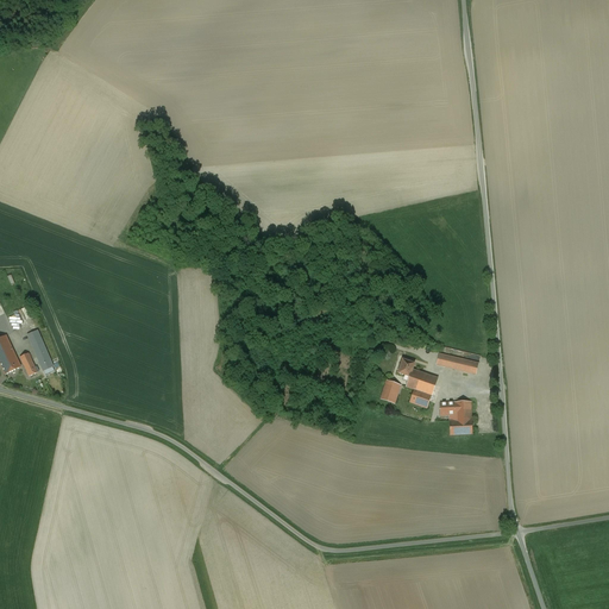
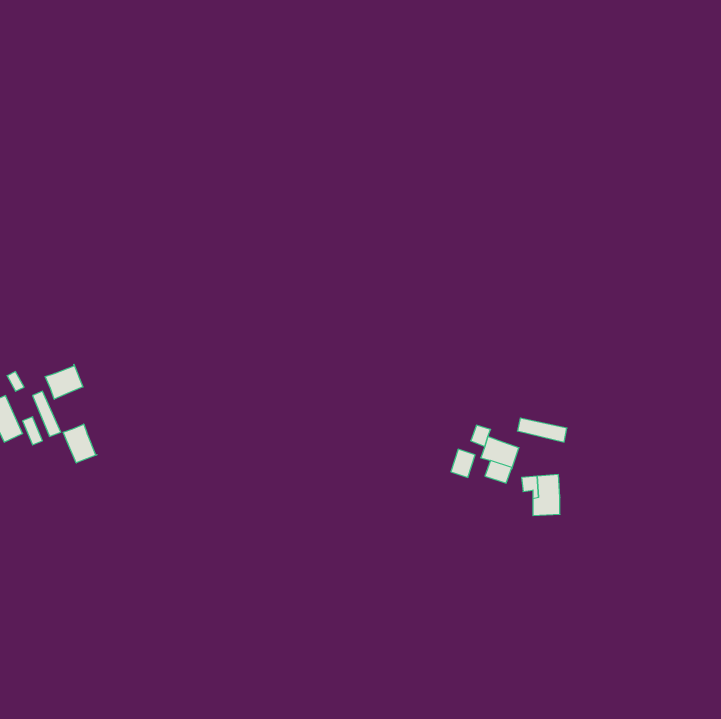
building: none -> [45,364,83,399]
building: none -> [63,424,97,463]

